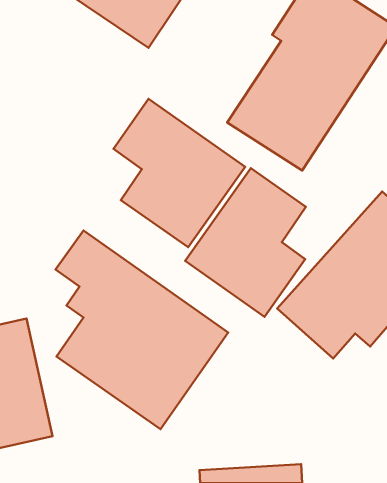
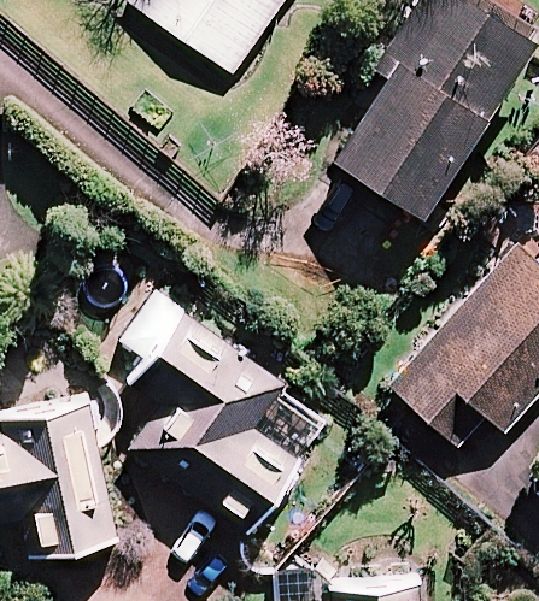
building: [113,99,245,247] -> none
building: [185,168,306,317] -> none

